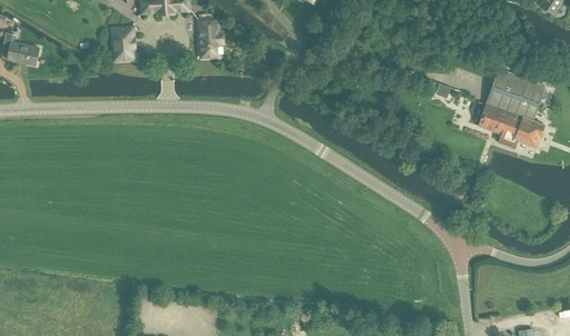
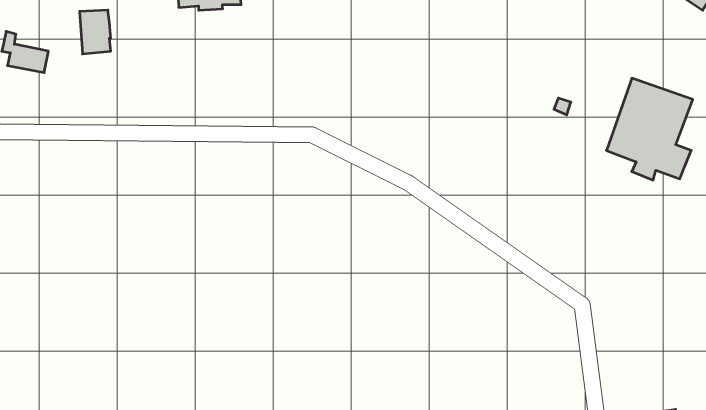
building: [199,19,224,55] -> none
building: [111,26,136,60] -> [80,10,111,54]

